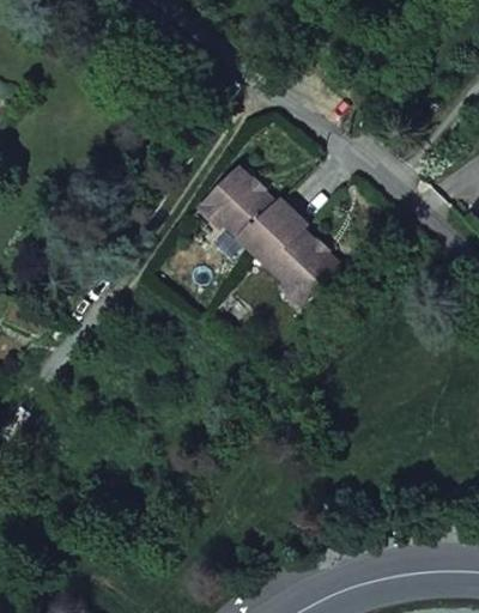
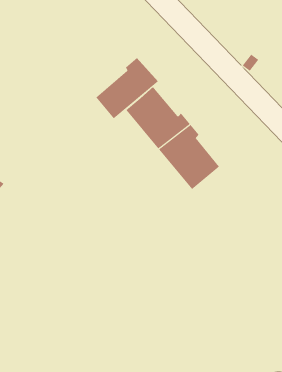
building: none -> [95,57,159,119]

